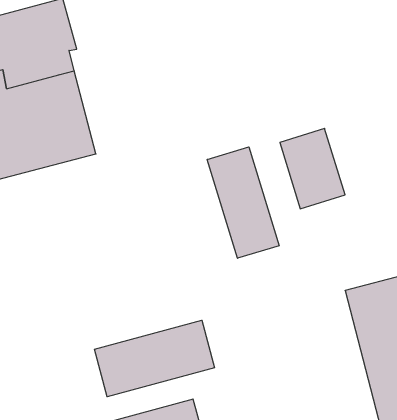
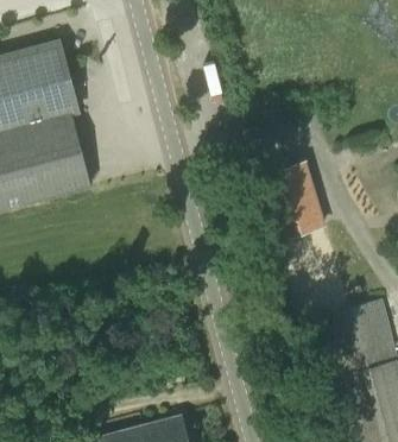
building: [207,147,279,258] -> none
building: [94,320,215,397] -> none

